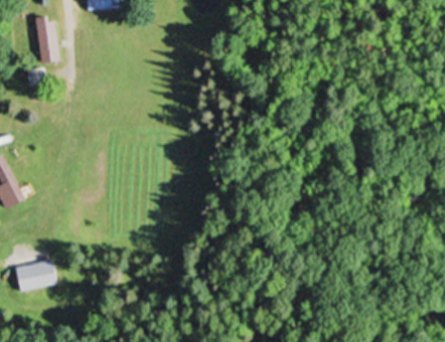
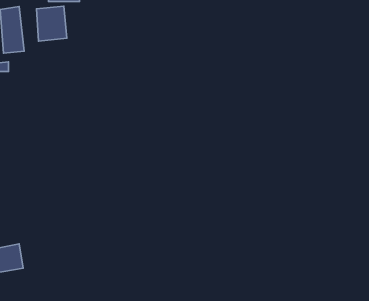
building: none -> [37,6,67,41]

